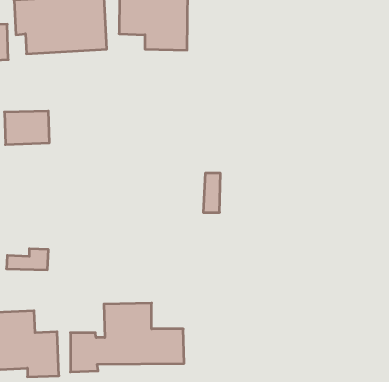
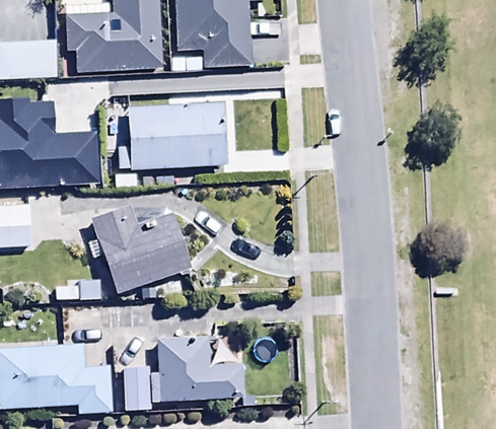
building: none -> [119,104,225,167]
building: none -> [91,205,190,294]

